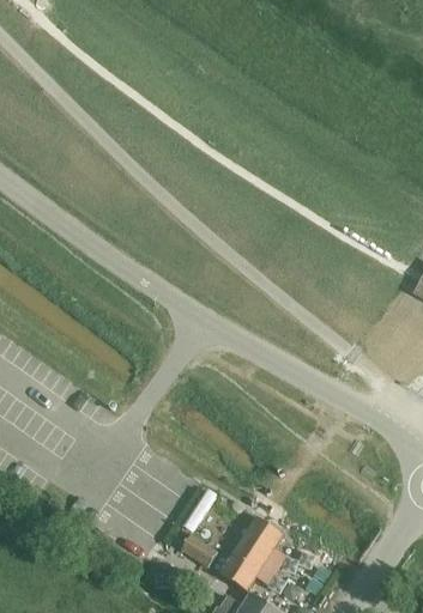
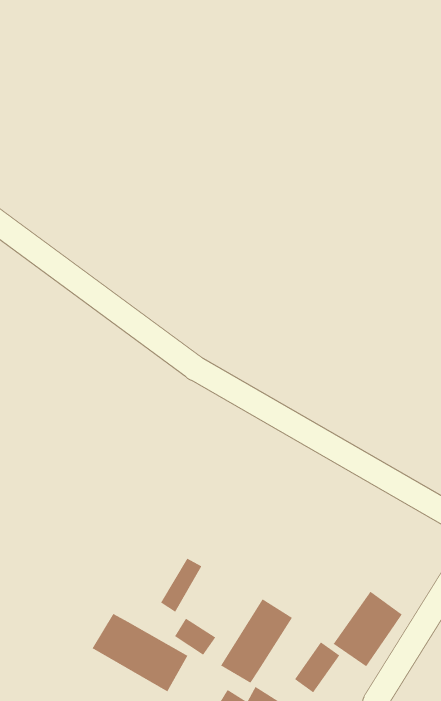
building: none -> [333,591,402,667]
building: none -> [92,613,188,692]

